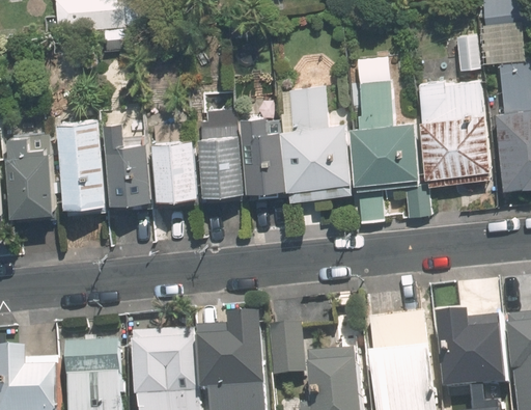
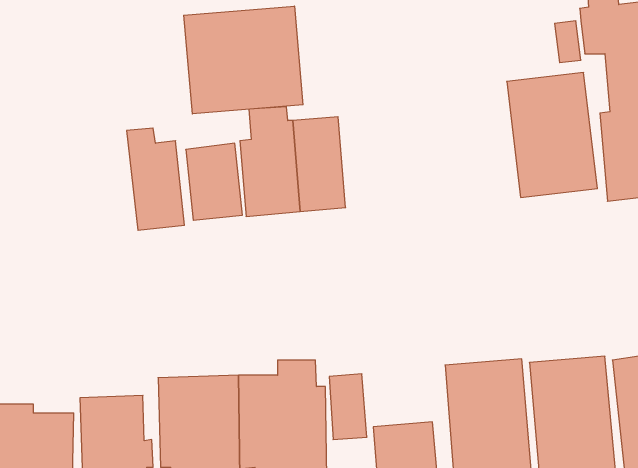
building: none -> [184,6,303,114]
building: [351,56,420,183] -> none
building: [277,88,351,190] -> none
building: [58,121,104,208] -> none
building: [7,138,56,216] -> none

